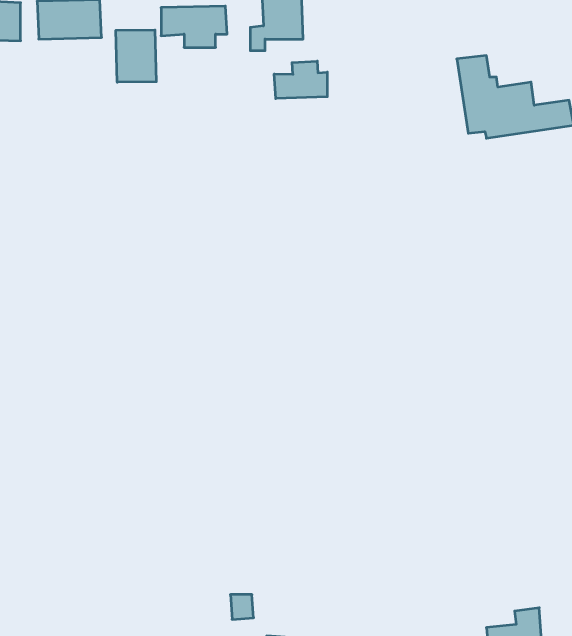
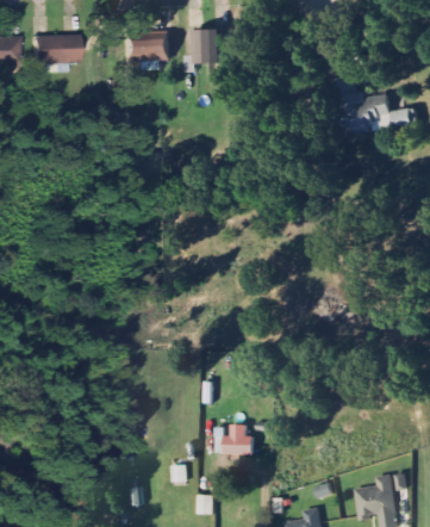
building: [116,30,156,82] -> none
building: [274,61,327,99] -> none
building: none -> [224,423,254,454]

